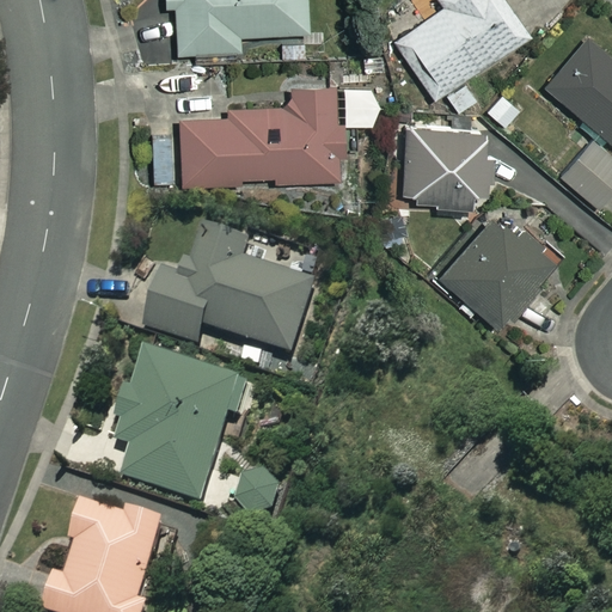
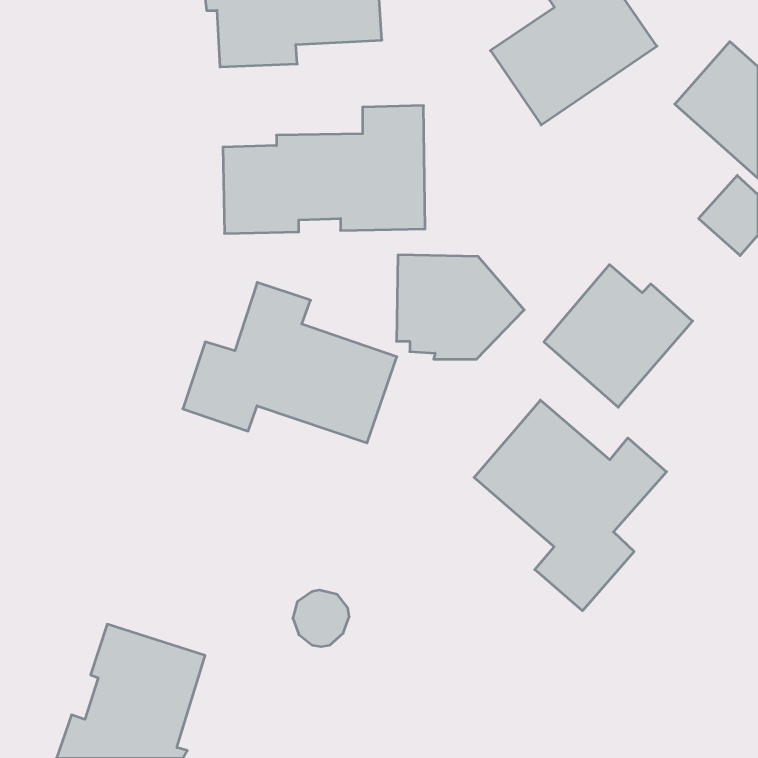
building: [403,124,506,208] -> [396,255,524,359]
building: none -> [474,400,667,611]
building: [120,353,251,503] -> none

